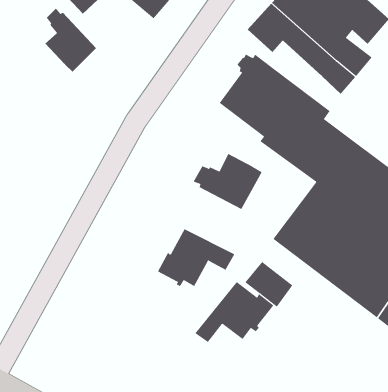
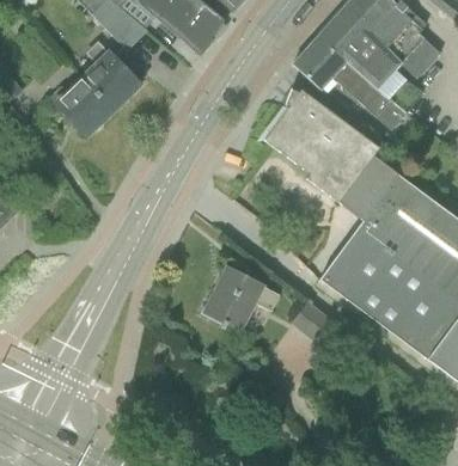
building: none -> [50,78,114,134]
building: [193,153,263,210] -> none
building: [195,281,274,343] -> none

